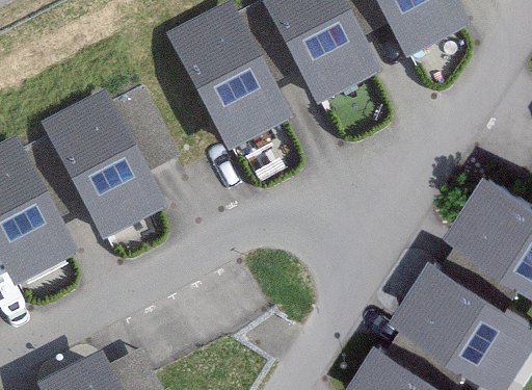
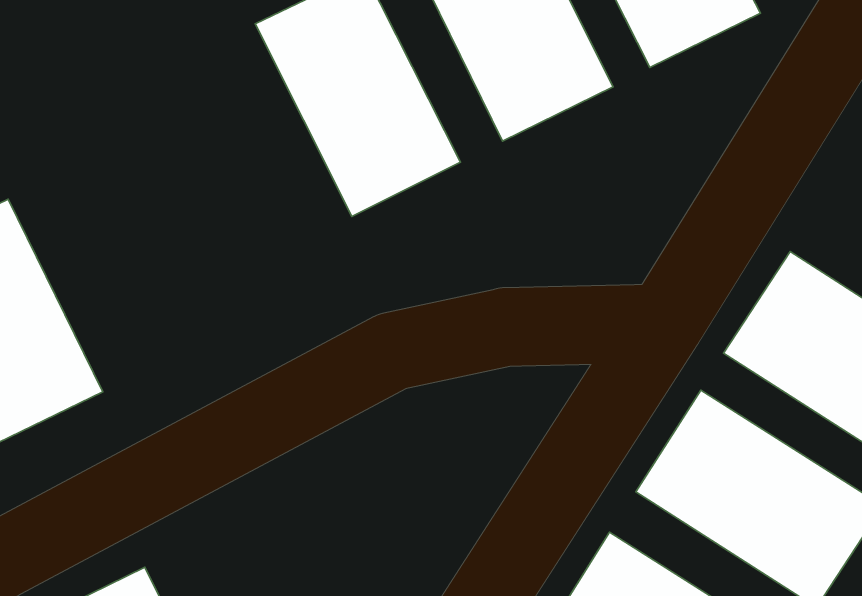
building: [46,97,166,243] -> none

